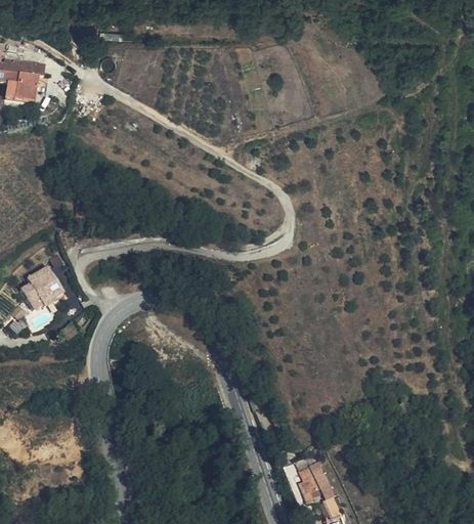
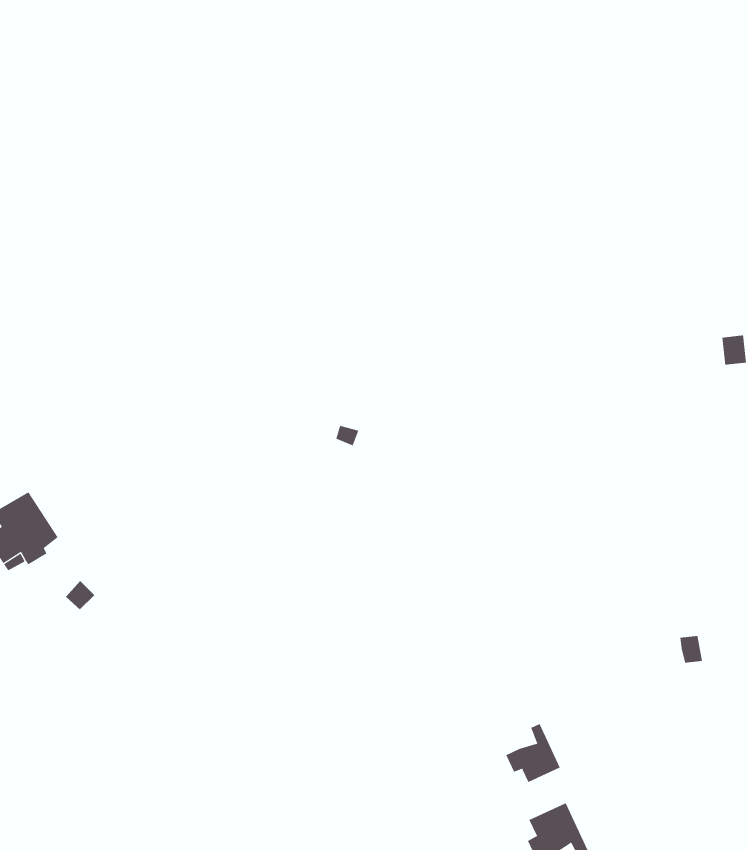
building: none -> [506,723,560,783]

